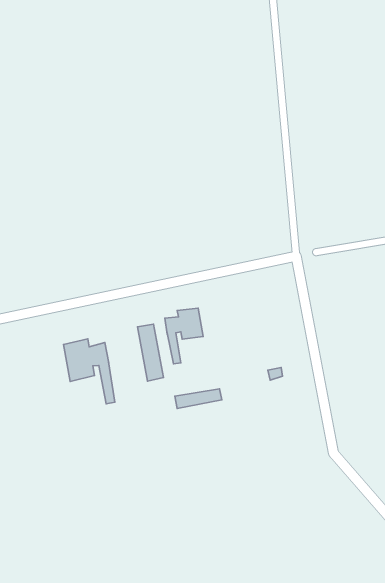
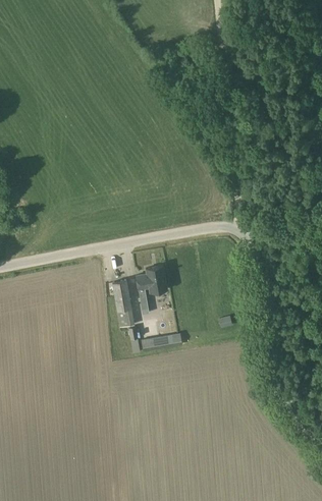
building: [64,339,115,404] -> none

